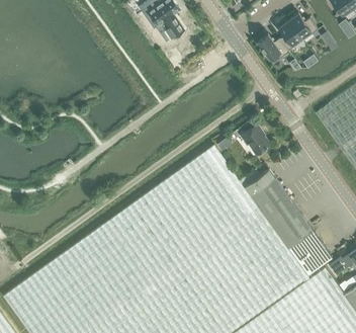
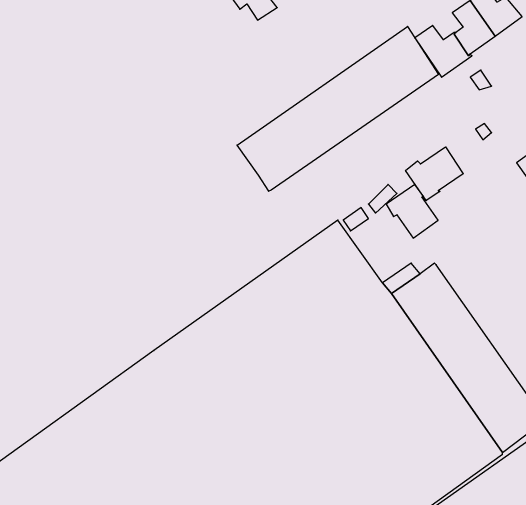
building: none -> [237,26,438,191]
building: none -> [406,147,463,201]

